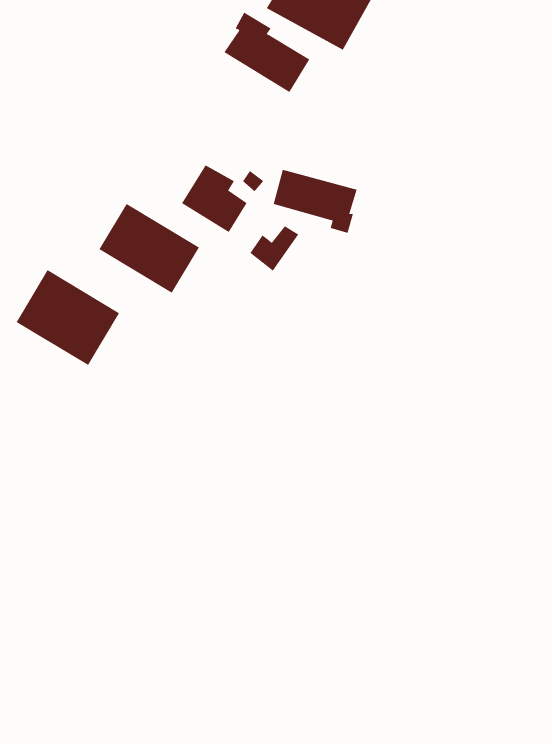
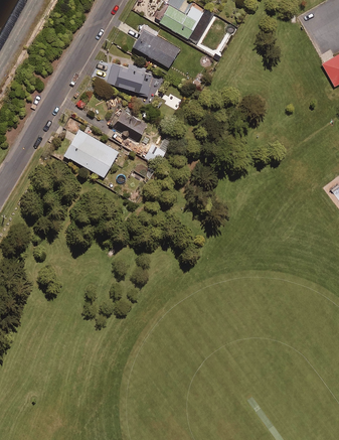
building: [273,169,358,234] -> [107,63,153,99]
building: [16,269,120,366] -> none

